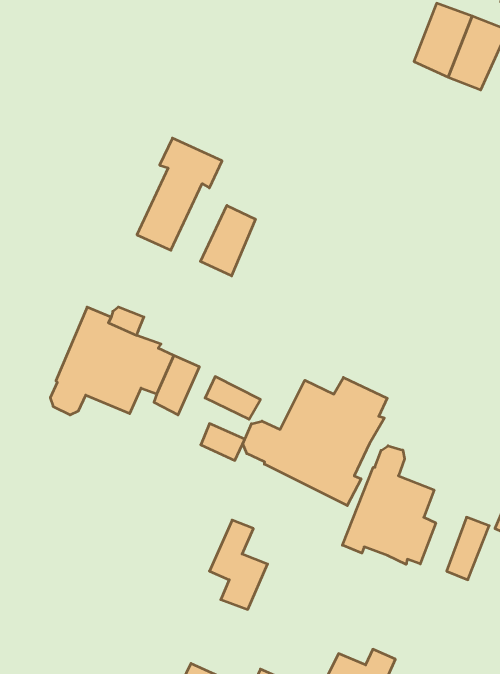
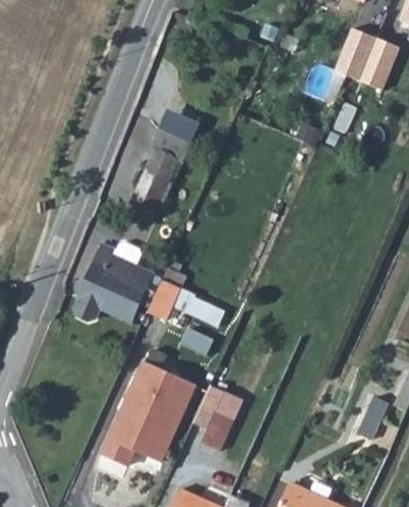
building: [200,205,255,276] -> none
building: [243,377,387,506] -> none
building: [342,446,436,564] -> none
building: none -> [106,357,197,464]

